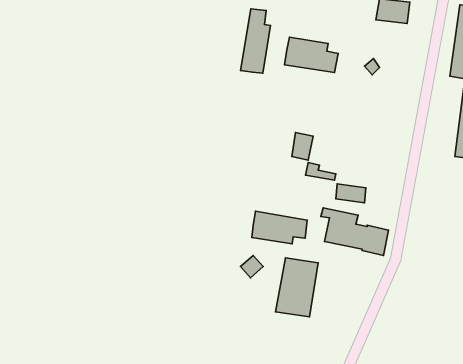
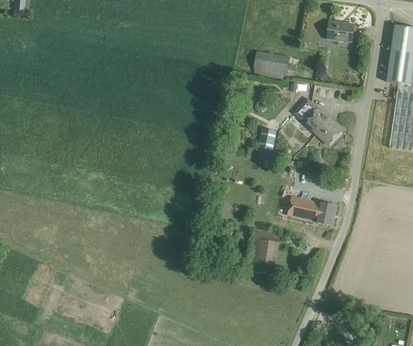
building: [240,9,270,73] -> none
building: none -> [296,99,343,145]
building: [252,211,307,244] -> none

